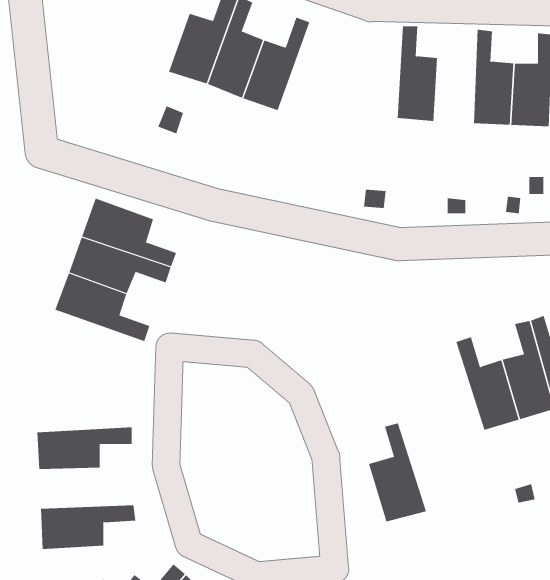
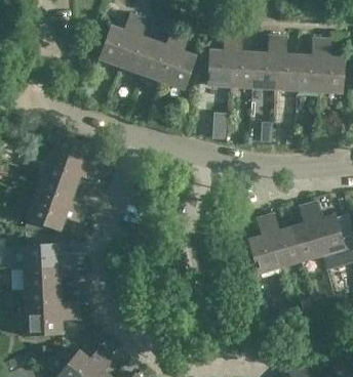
building: none -> [163,32,196,90]
building: none -> [208,33,235,87]
building: none -> [253,36,278,90]
building: none -> [27,198,86,231]
building: none -> [23,243,79,268]
building: [368,423,427,522] -> [248,216,282,274]
building: none -> [25,289,80,312]

